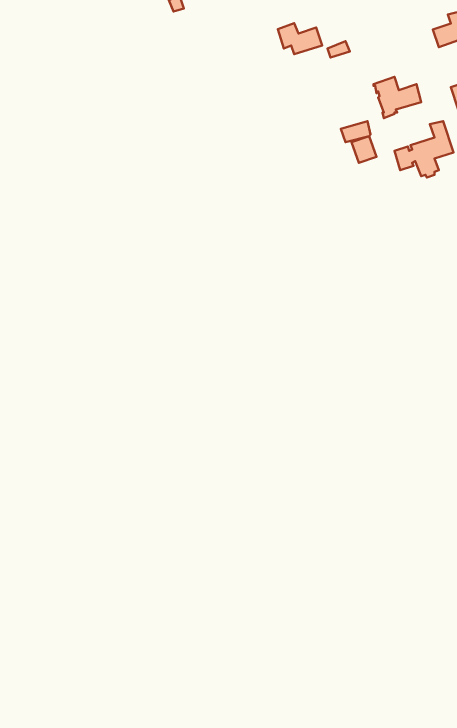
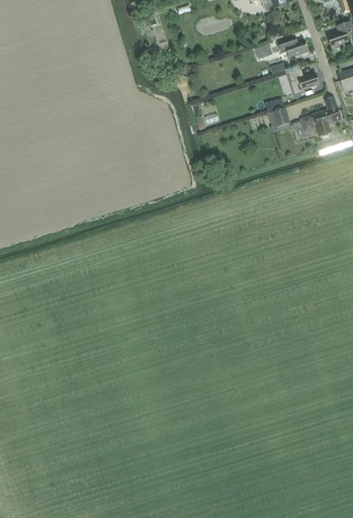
building: [278,23,322,54] -> [277,36,307,58]

